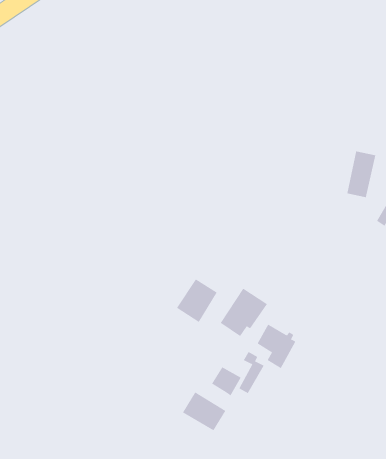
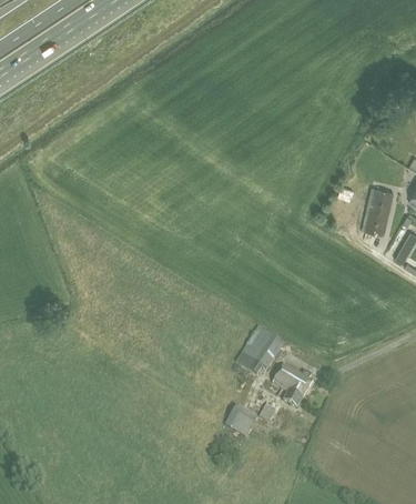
building: [176,278,217,323] -> none
building: [182,391,226,431] -> none

